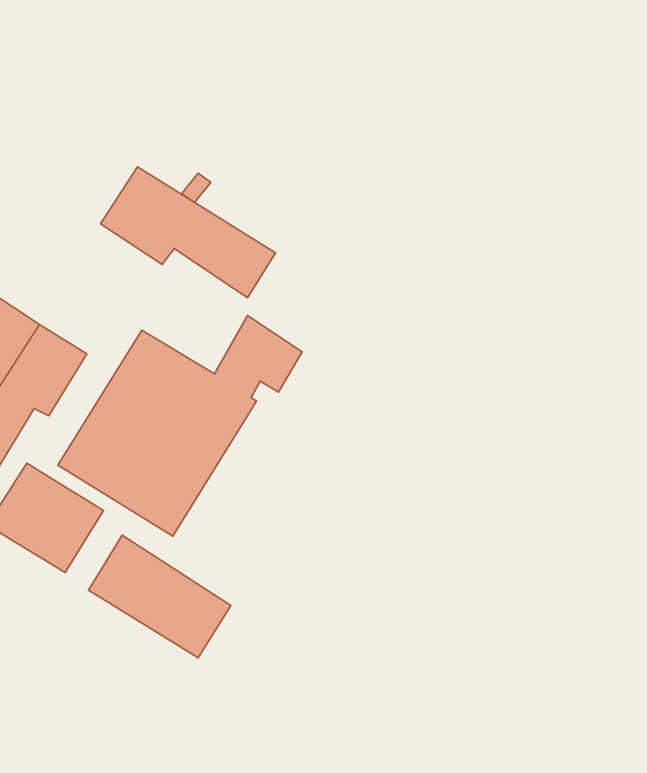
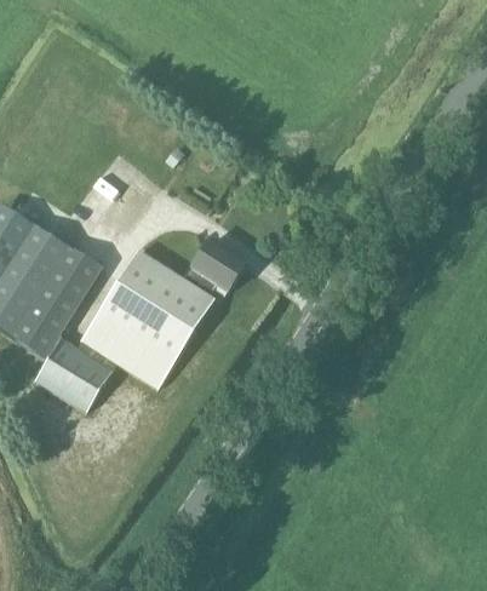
building: [101,167,276,298] -> none
building: [88,535,231,658] -> none

